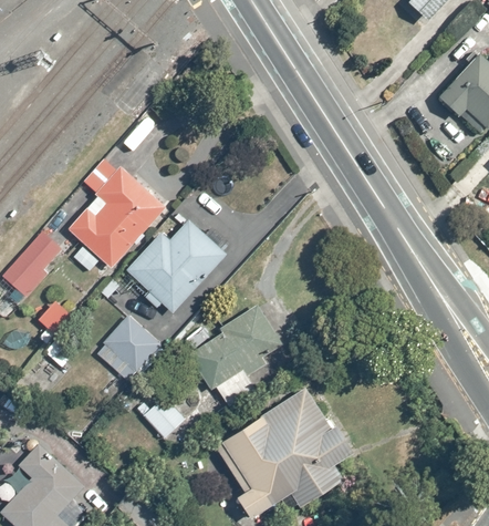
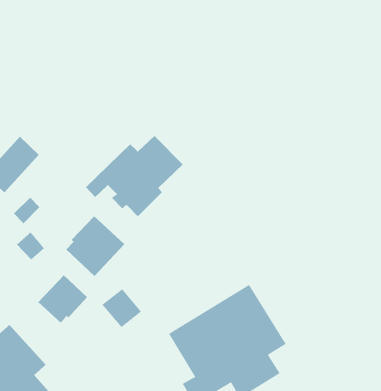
building: [65,157,165,272] -> none
building: [186,303,284,409] -> none
building: none -> [38,274,88,323]

